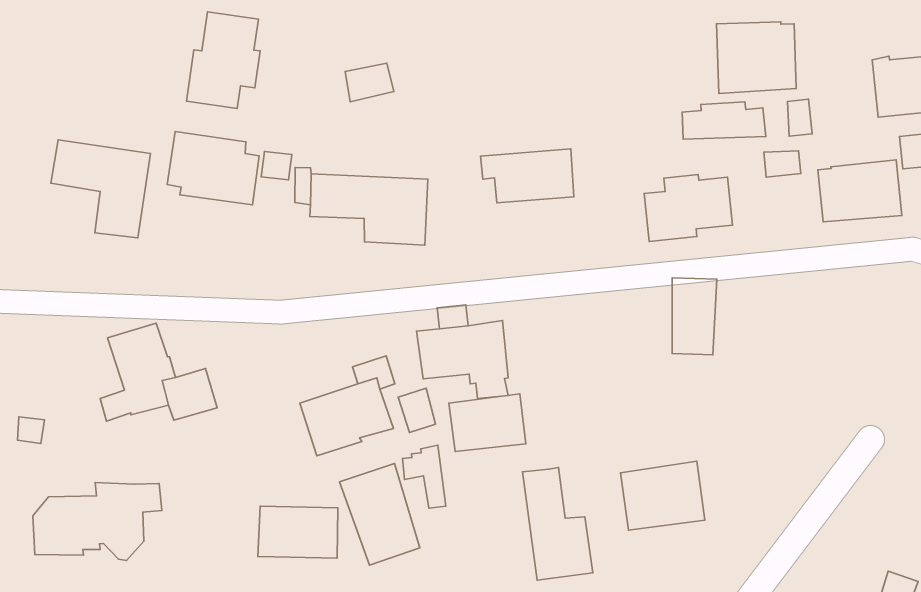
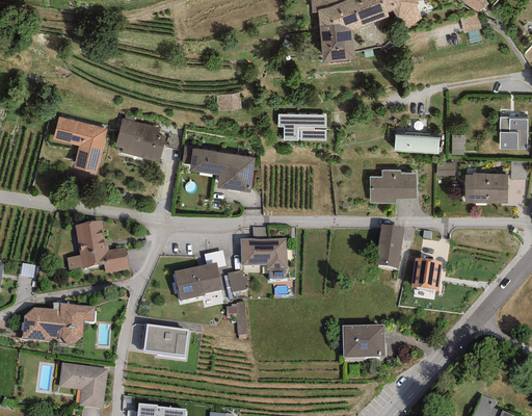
building: [186,12,260,108] -> none
building: [717,22,796,93] -> none
building: [481,149,574,203] -> [277,113,326,140]
building: none -> [410,257,442,289]
building: [449,394,526,452] -> none
building: [340,463,420,565] -> none
building: [523,468,593,580] -> none

